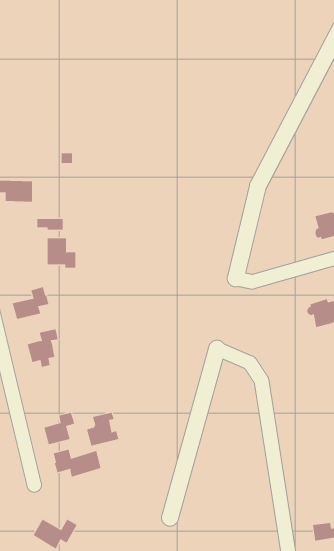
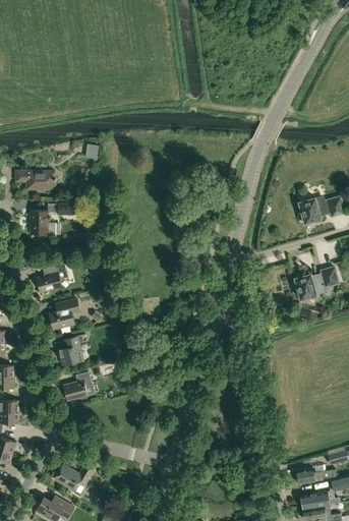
building: [47,238,76,268] -> [30,211,55,237]
building: [86,412,119,446] -> [58,336,86,365]
building: [53,449,101,477] -> none

